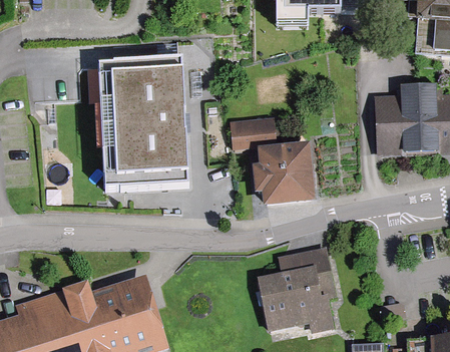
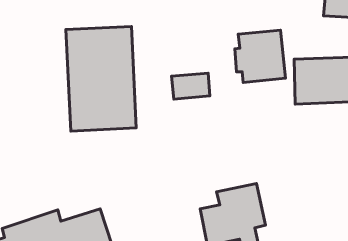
building: [252,140,314,205] -> [235,30,286,82]

